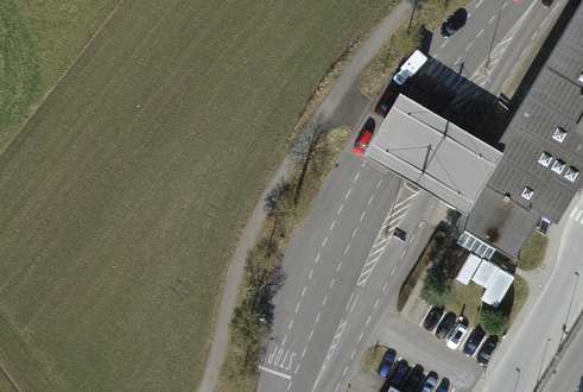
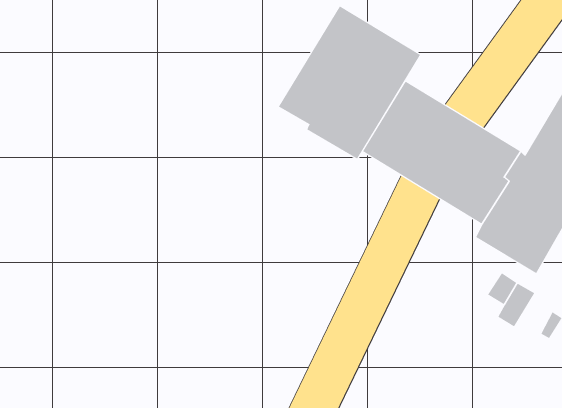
building: none -> [278,5,421,159]

